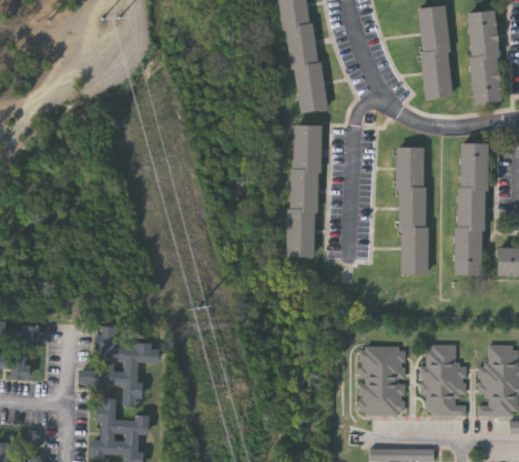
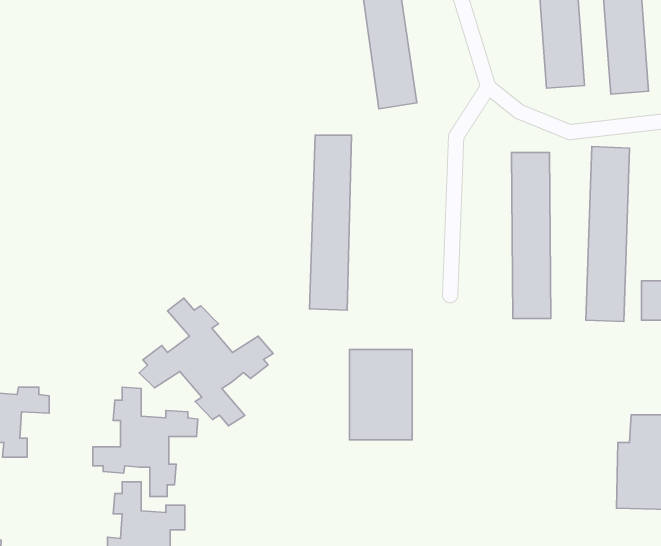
building: [287,124,319,258] -> [309,135,352,310]
building: none -> [139,298,273,426]
building: [423,345,466,418] -> none
building: [357,348,405,416] -> [349,349,412,440]

